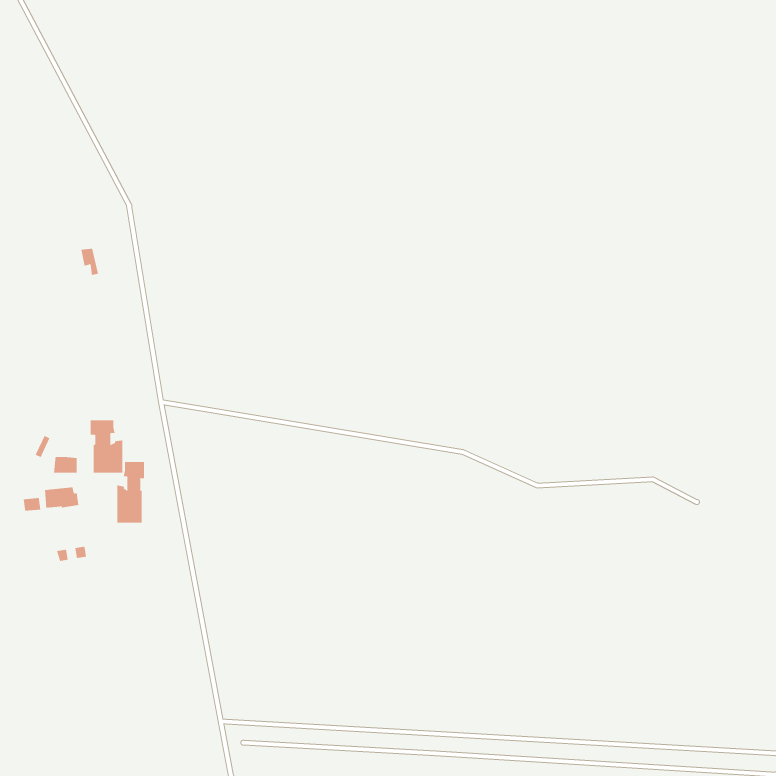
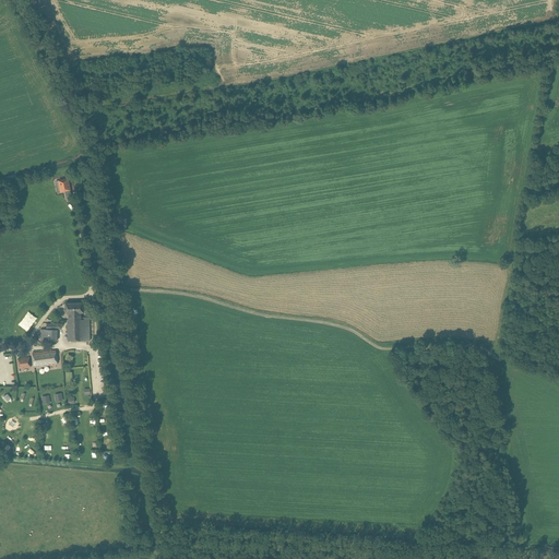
building: [117,461,145,524] -> none

